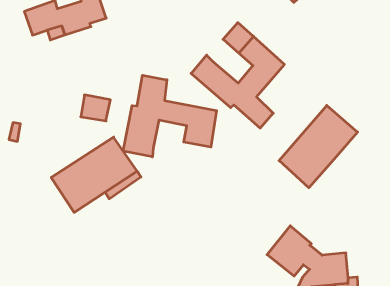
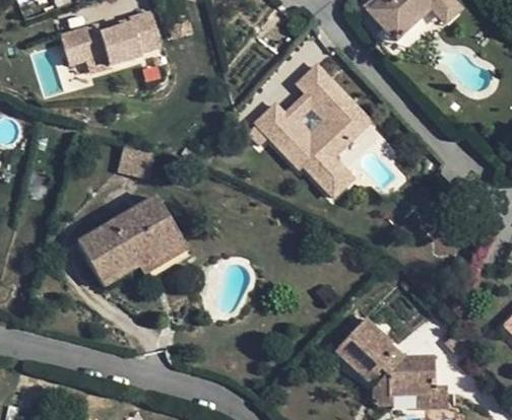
building: none -> [285,92,333,139]
building: [123,75,217,157] -> none
building: [279,105,358,188] -> none

